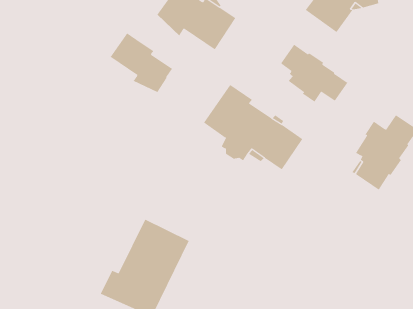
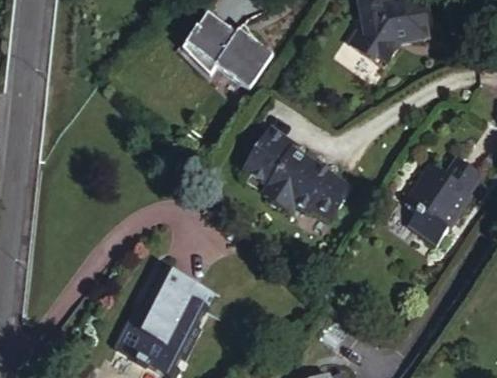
building: [110,32,173,93] -> none
building: [280,44,348,102] -> none

